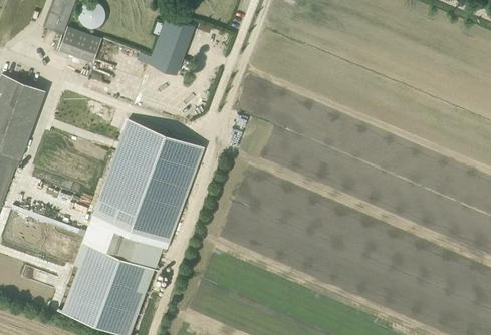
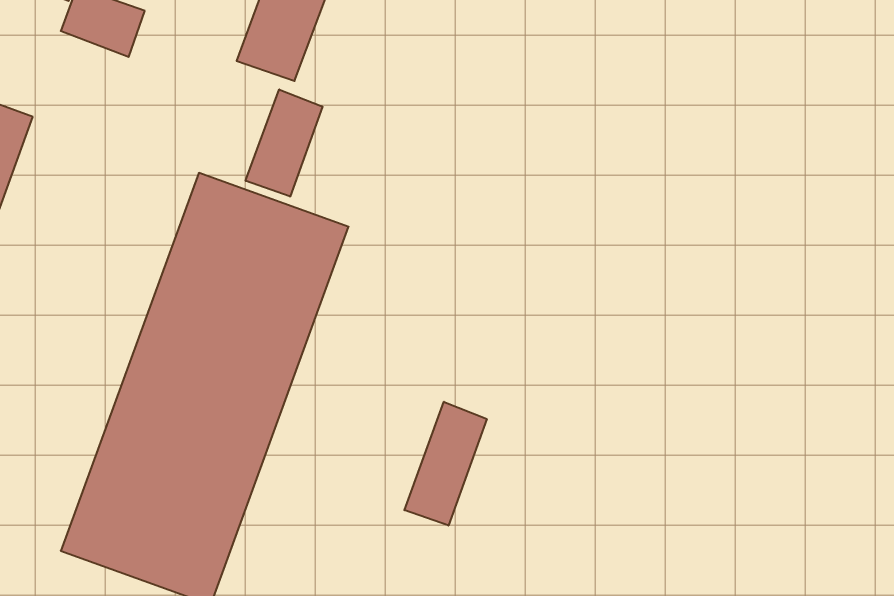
building: none -> [246,89,323,197]
building: none -> [404,402,487,526]

